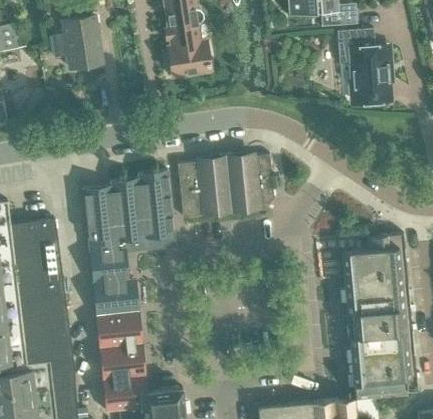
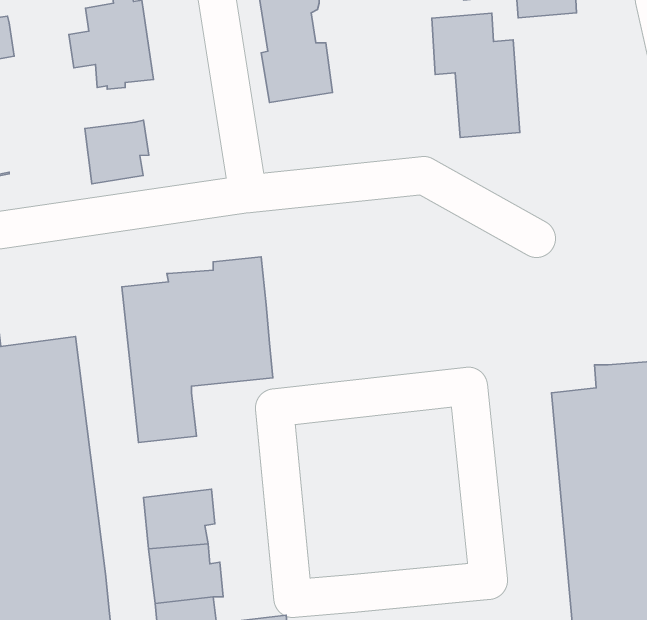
building: [337,29,390,104] -> [432,13,520,138]
building: none -> [85,120,149,184]
building: [176,154,278,218] -> none
building: [93,279,137,316] -> none

